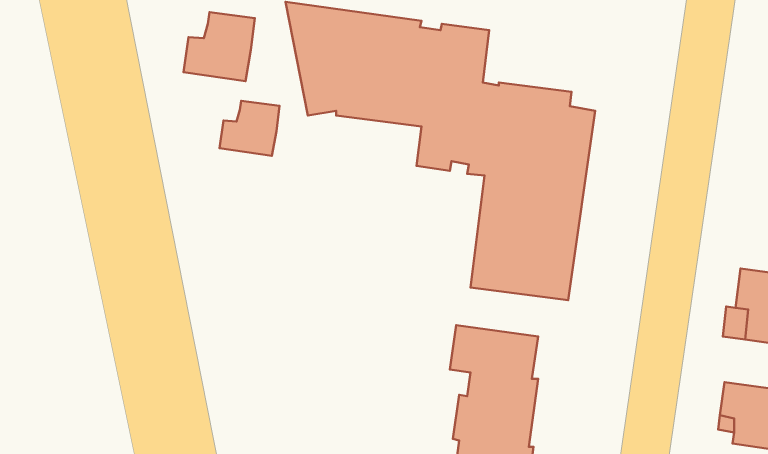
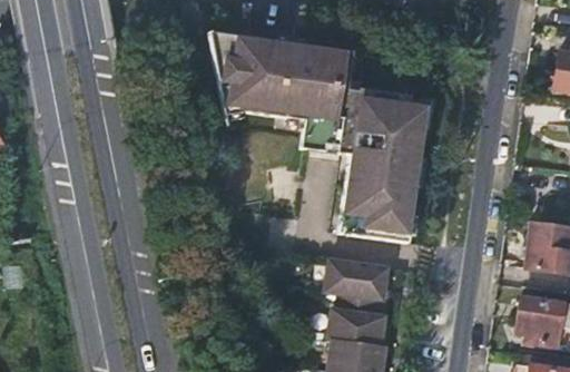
building: [184,12,255,81] -> none
building: [220,101,279,156] -> none

